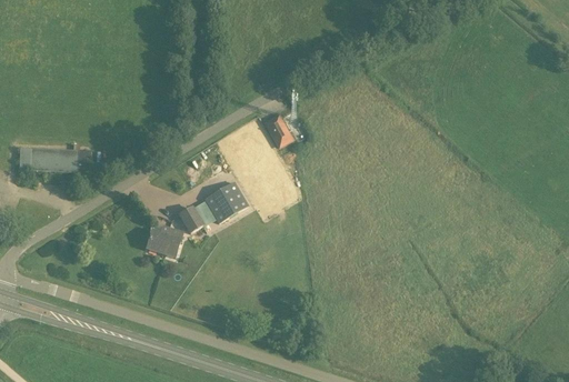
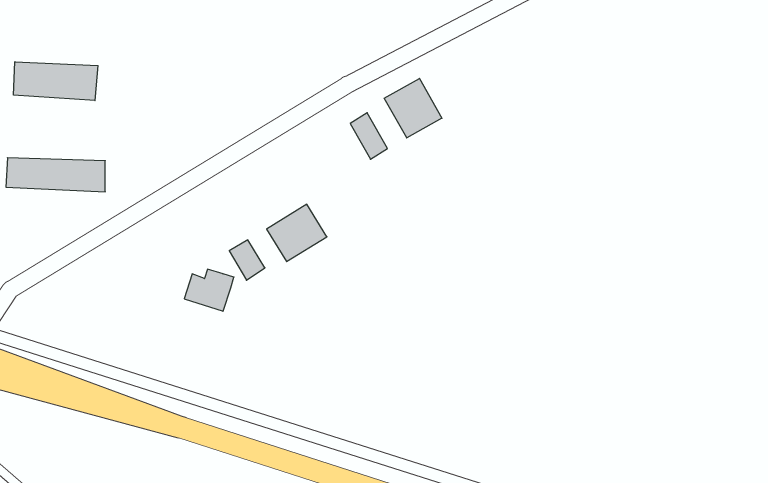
building: none -> [14,62,98,101]
building: none -> [384,78,442,138]

